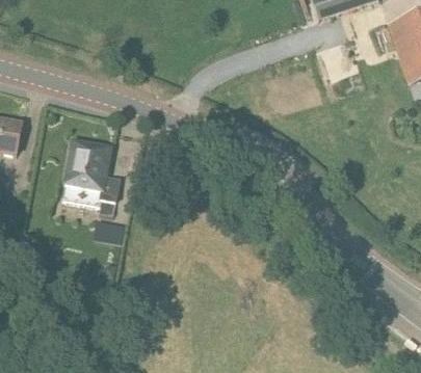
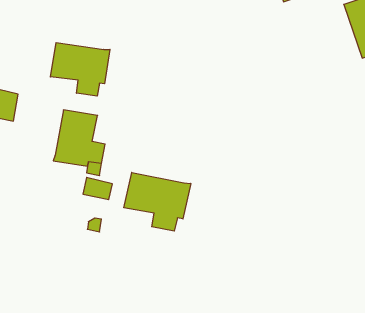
building: none -> [50,43,110,96]
building: none -> [124,172,191,231]

